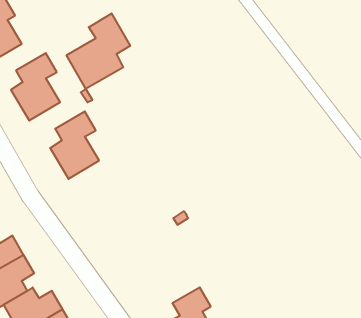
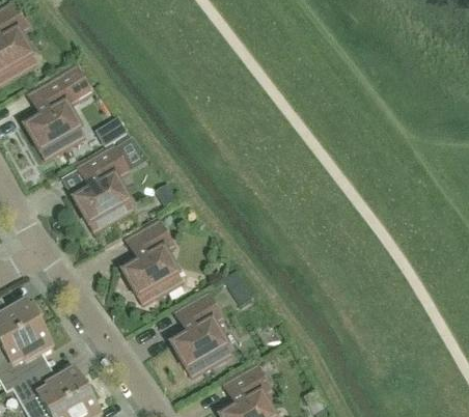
building: [67,13,130,89] -> none
building: none -> [121,221,183,303]
building: none -> [170,294,231,374]

